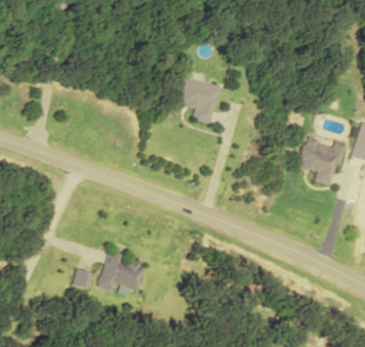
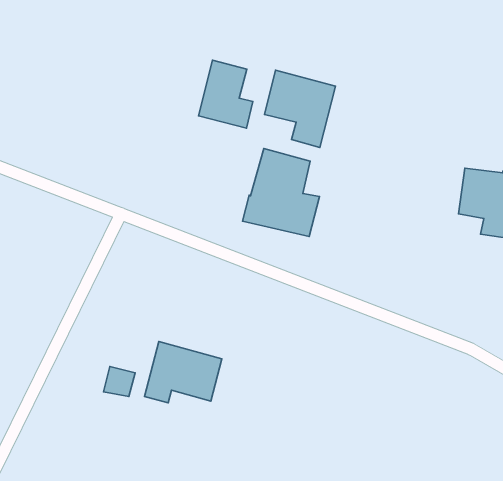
building: none -> [198,60,253,128]
building: none -> [243,148,319,236]

